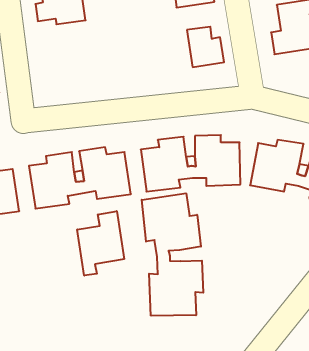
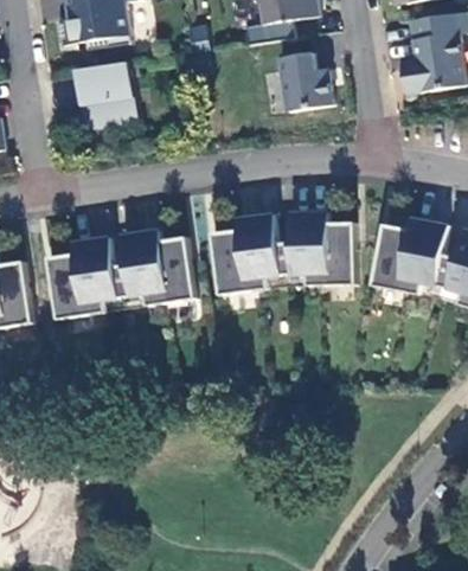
building: none -> [75,62,136,128]
building: [142,193,203,316] -> none
building: [77,211,124,276] -> none

